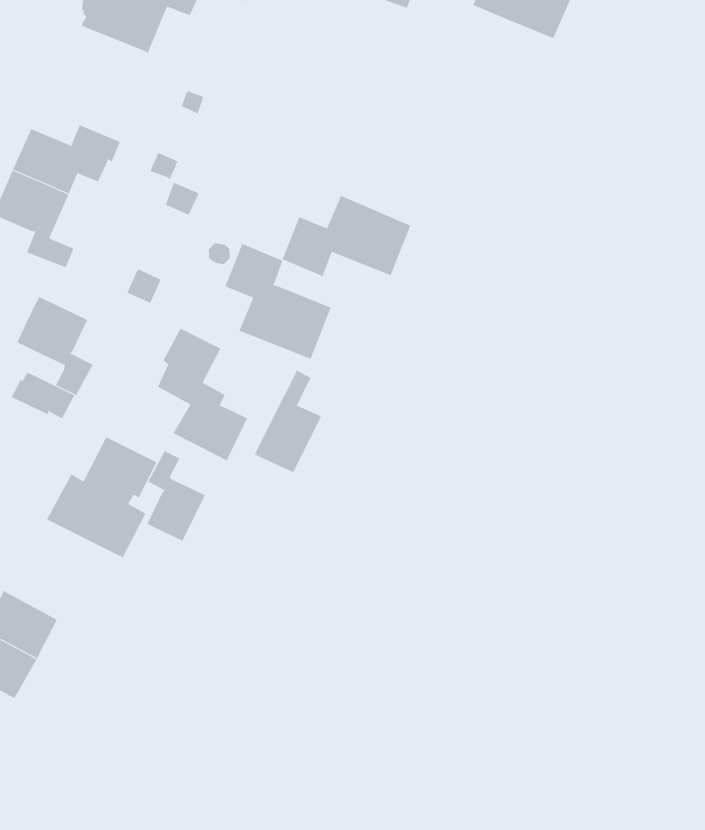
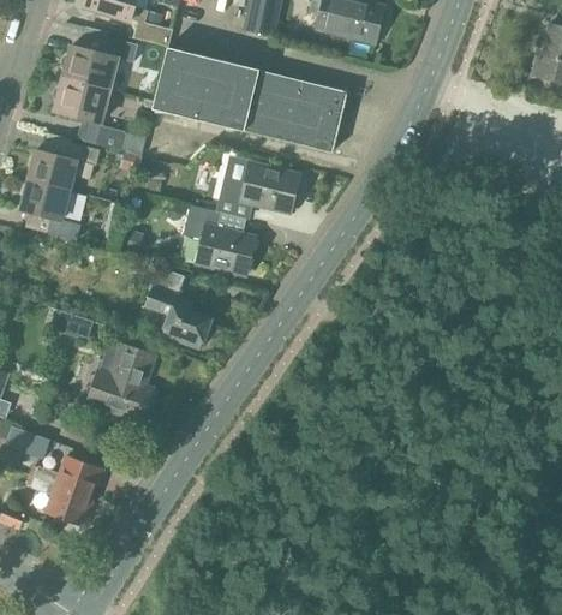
building: none -> [155,59,329,155]
building: none -> [54,76,145,151]
building: [17,296,94,397] -> none
building: [254,370,322,473] -> none
building: [147,450,205,541] -> none

